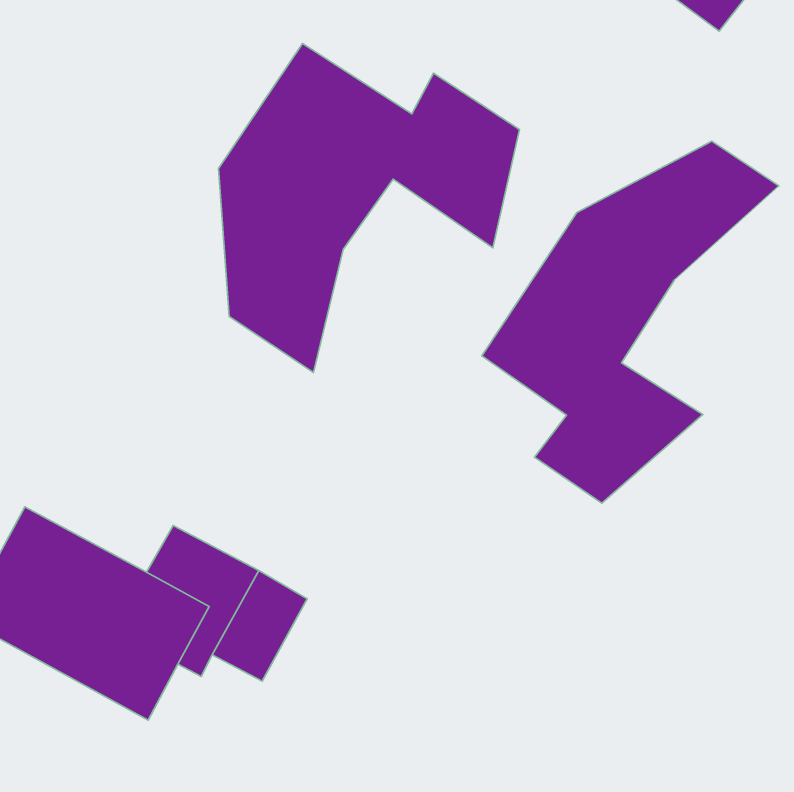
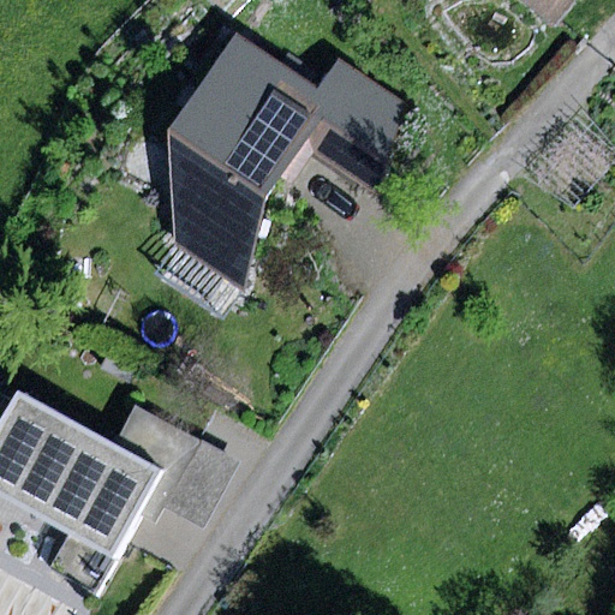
building: [482,141,779,503] -> none

